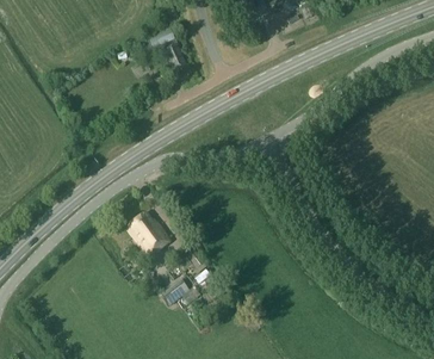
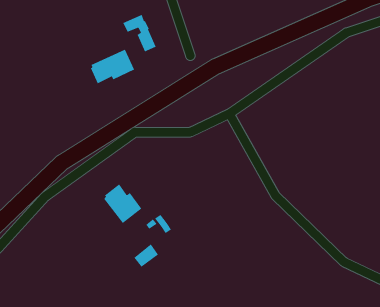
building: none -> [90,49,135,84]

